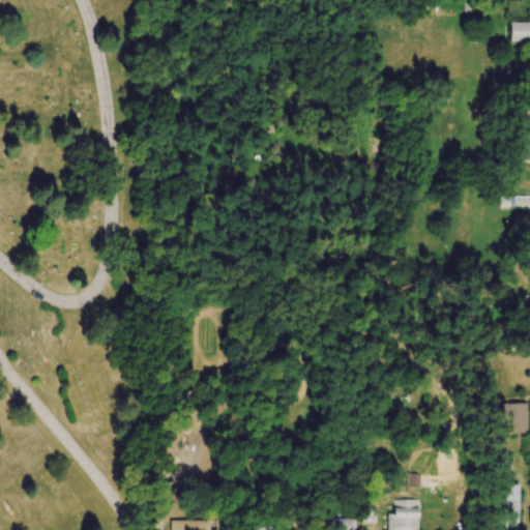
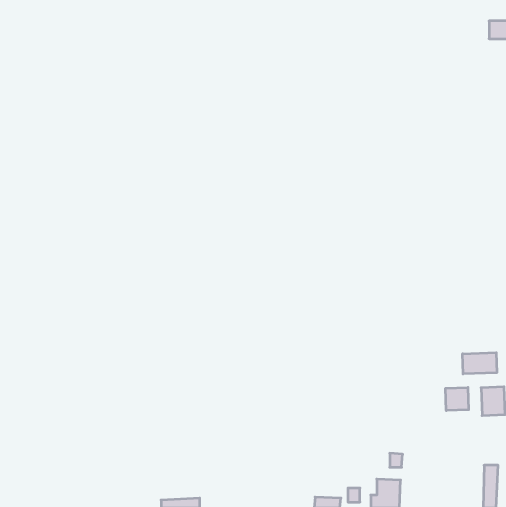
building: none -> [463,353,497,374]
building: none -> [446,387,469,411]

